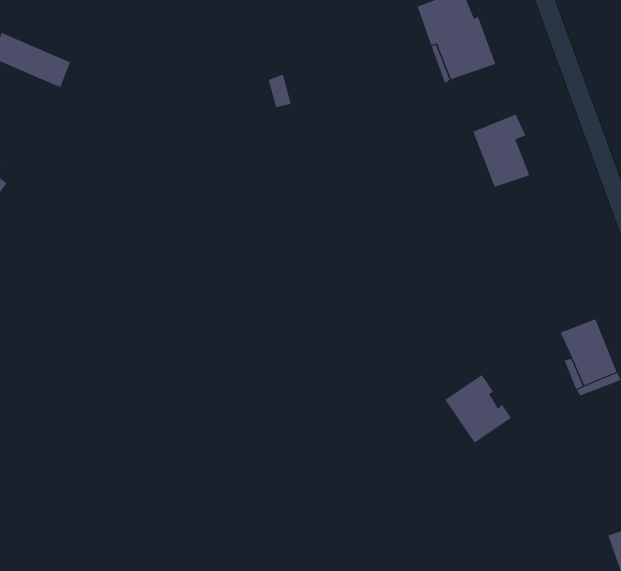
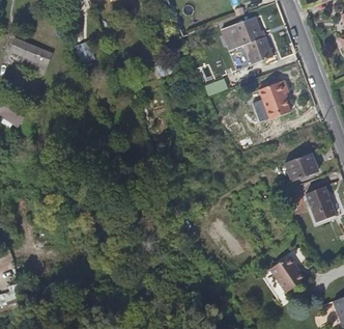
building: none -> [283,154,316,181]
building: [444,374,512,444] -> [267,256,303,293]

